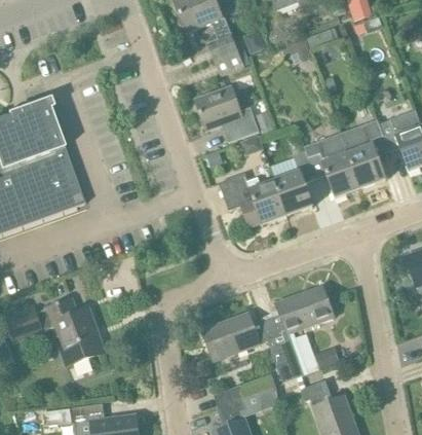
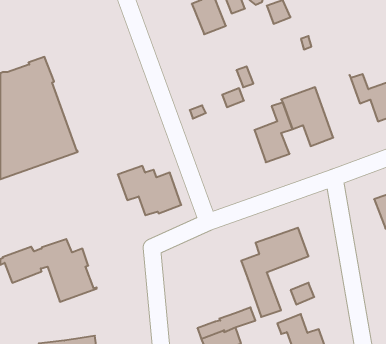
building: [195,85,259,142] -> none
building: [341,119,389,187] -> none
building: [219,172,287,225] -> [118,166,181,215]
building: [202,312,268,360] -> none

